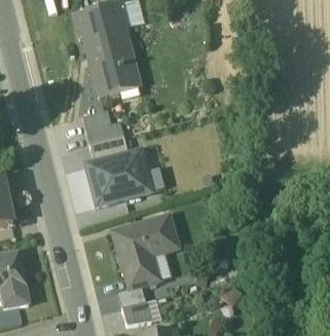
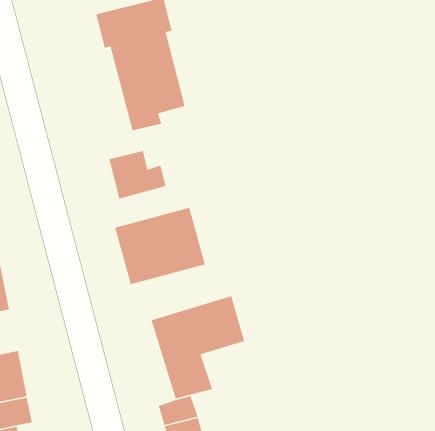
building: [89,135,129,161] -> none

